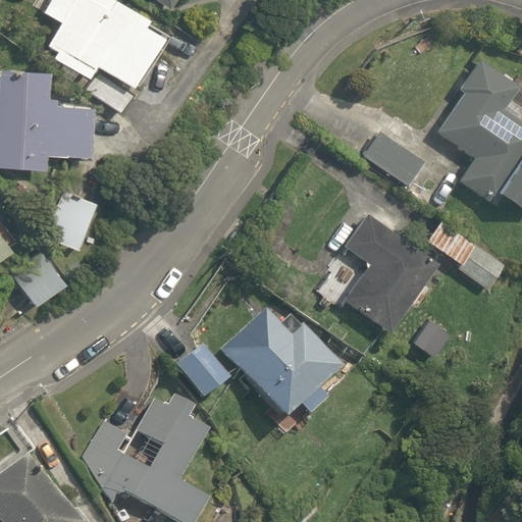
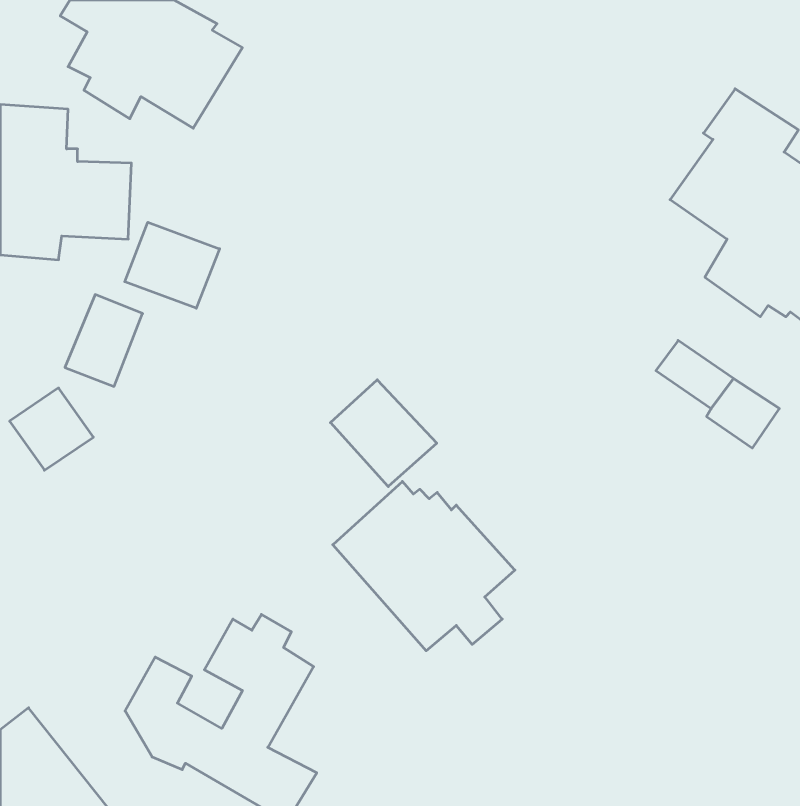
building: [364,130,428,189] -> none
building: none -> [125,222,220,308]
building: [344,213,439,330] -> none
building: none -> [330,380,437,487]
building: [176,349,231,401] -> none

